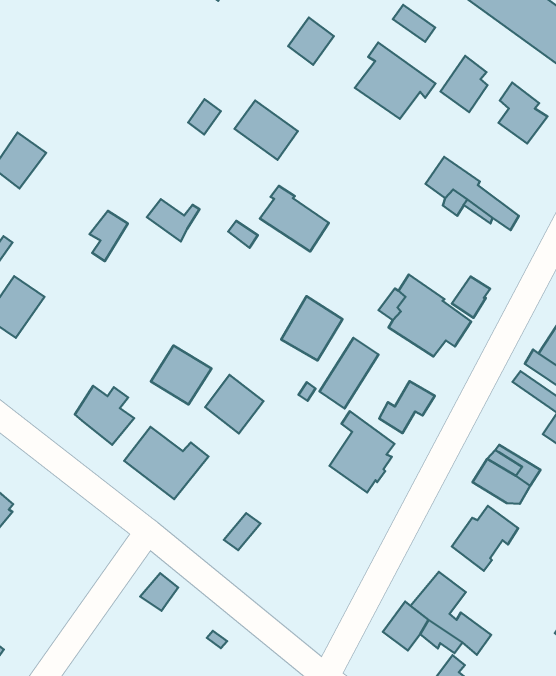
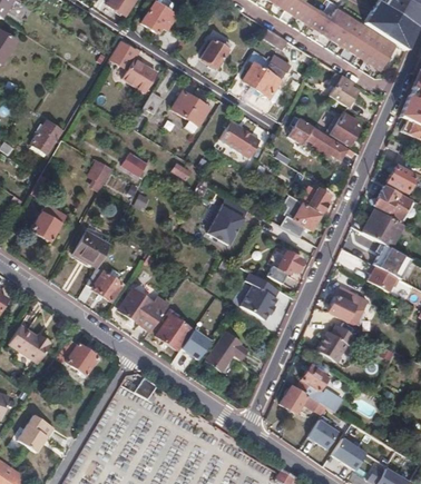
building: none -> [110,42,158,93]
building: [440,56,488,112] -> [331,112,359,146]
building: [260,186,329,251] -> [221,119,262,157]
building: [319,338,379,408] -> none
building: [151,346,211,404] -> [75,233,110,267]
building: [205,375,263,433] -> [157,315,192,349]
building: none -> [57,339,99,375]
building: none -> [206,330,249,372]

